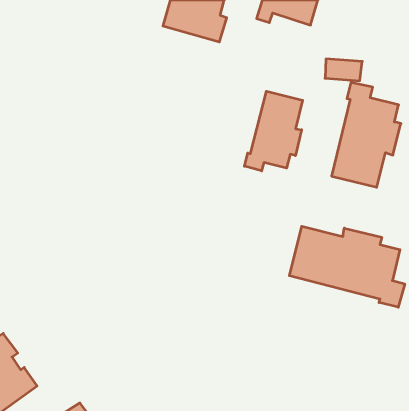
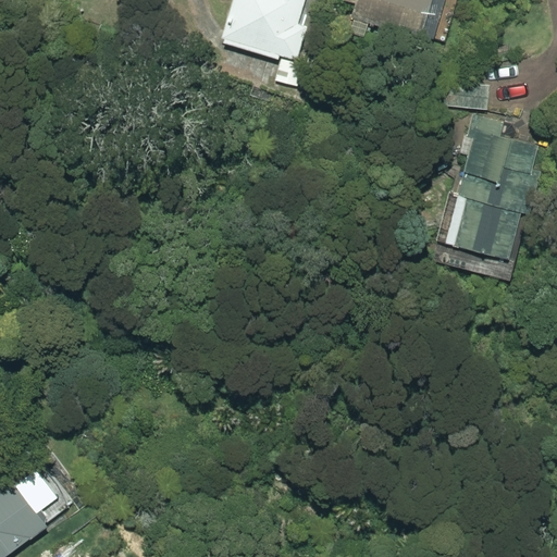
building: [244,91,303,171] -> none
building: [289,226,405,307] -> none

